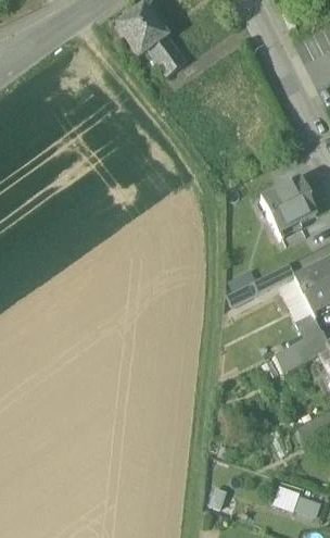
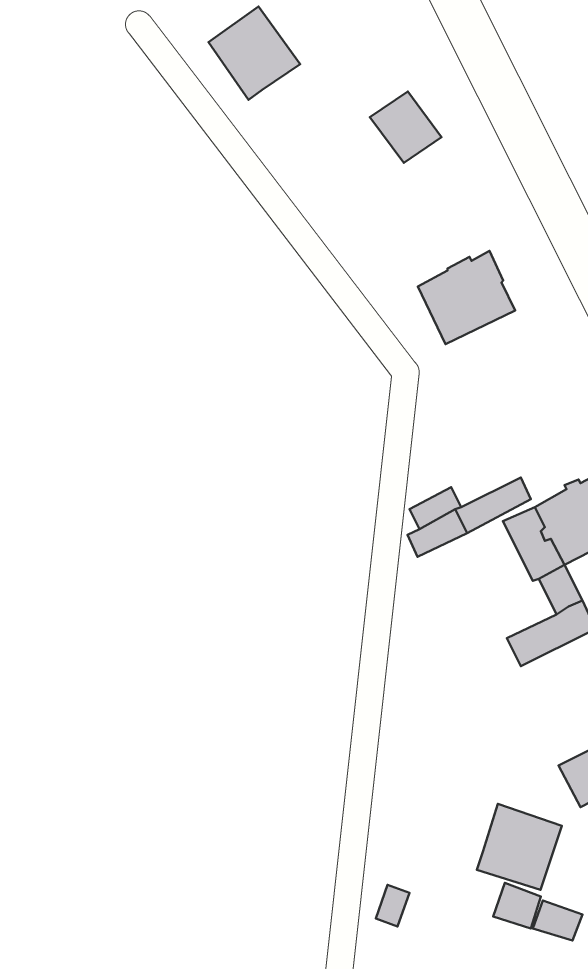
building: [149,36,188,75] -> [370,91,442,163]
building: [264,178,317,229] -> [418,251,515,344]
building: none -> [477,804,562,890]

